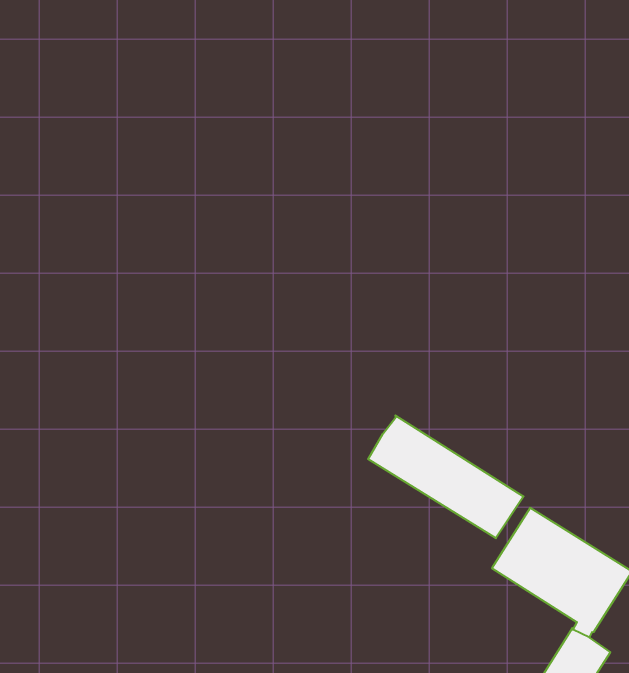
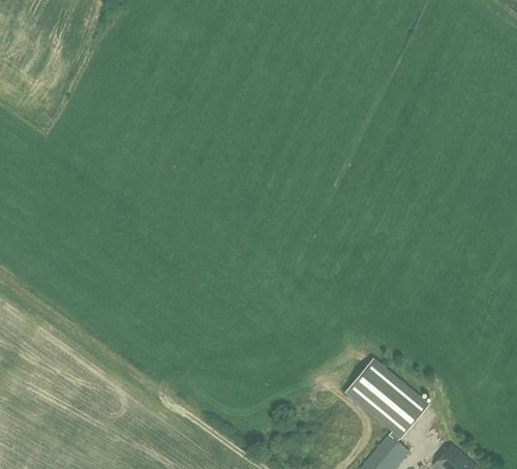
building: [368,415,524,538] -> none

